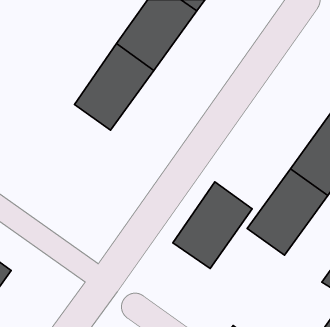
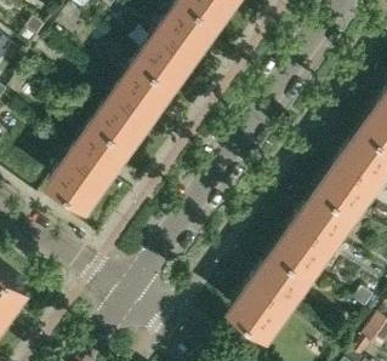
building: none -> [50,118,132,207]
building: [173,182,252,268] -> [231,246,313,336]

